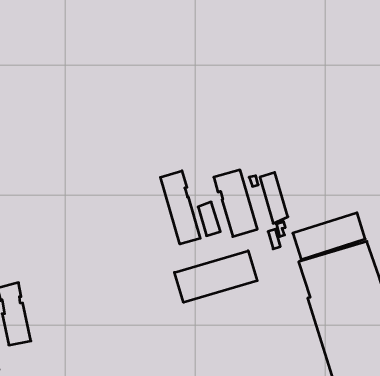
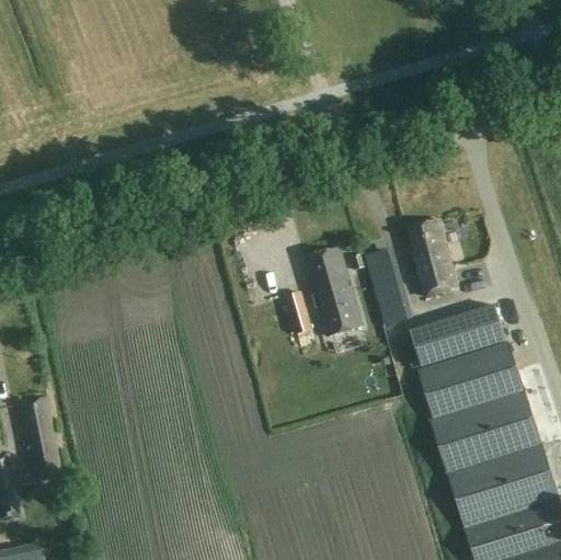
building: none -> [409,218,457,296]
building: [160,171,200,244] -> none
building: [174,251,257,302] -> none

